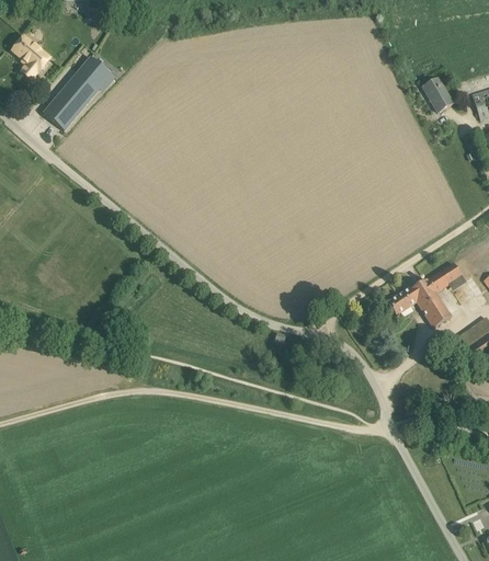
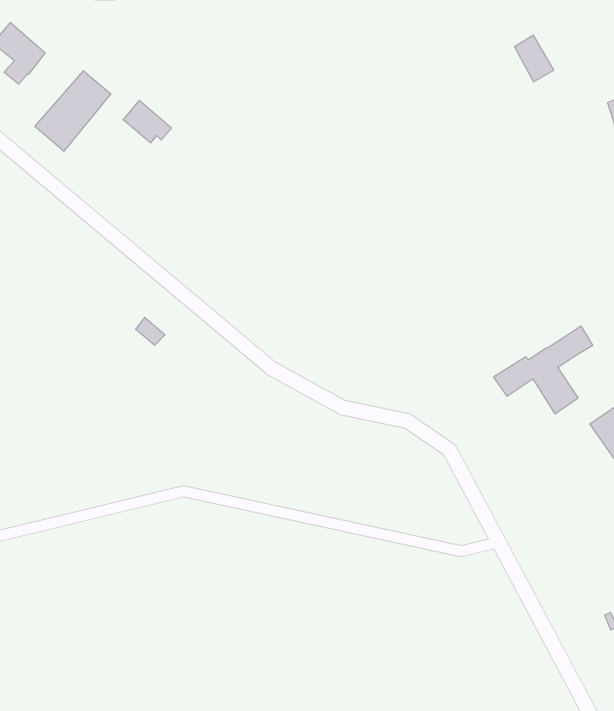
building: [79,56,115,88] -> [123,100,171,143]
building: [423,77,453,112] -> [514,35,554,82]

